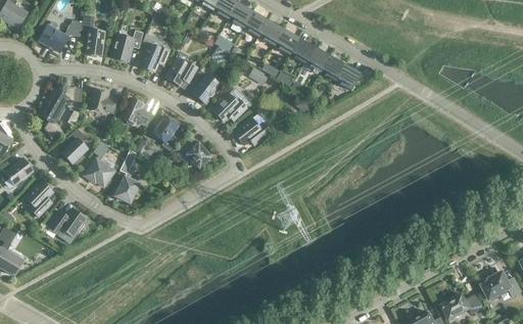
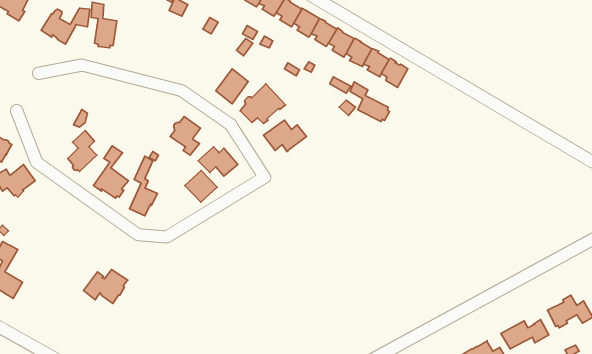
building: [111,31,142,61] -> none
building: [139,43,170,72] -> none
building: [165,57,197,85] -> none
building: none -> [350,82,389,122]
building: [39,87,74,137] -> none
building: [87,88,115,112] -> none
building: [121,97,150,125] -> none
building: none -> [185,170,217,202]
building: [25,180,52,216] -> none
building: [47,207,86,237] -> [84,270,128,303]

